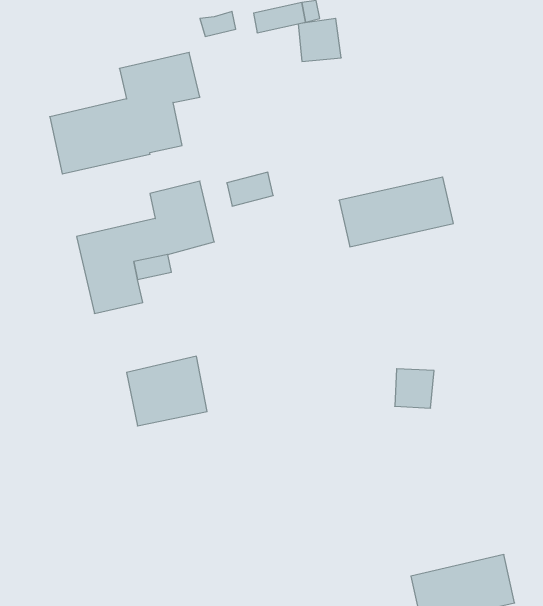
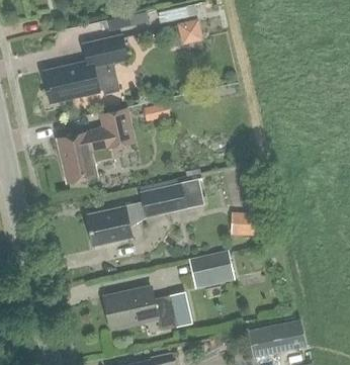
building: [339,177,453,247] -> [138,178,202,217]
building: none -> [189,252,233,283]
building: none -> [103,286,178,331]

